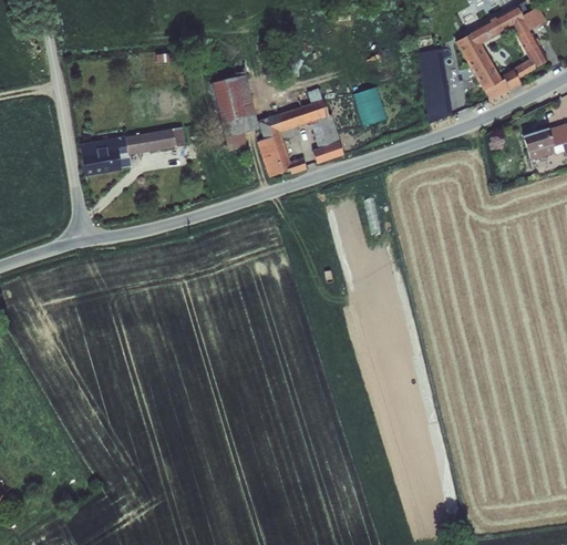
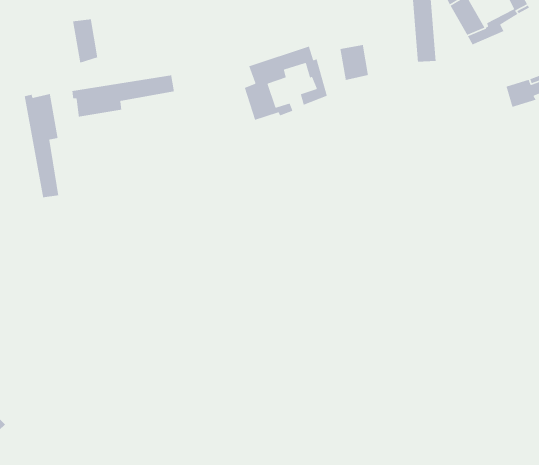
building: none -> [72,19,98,64]
building: [208,72,257,136] -> none
building: none -> [24,93,59,198]

